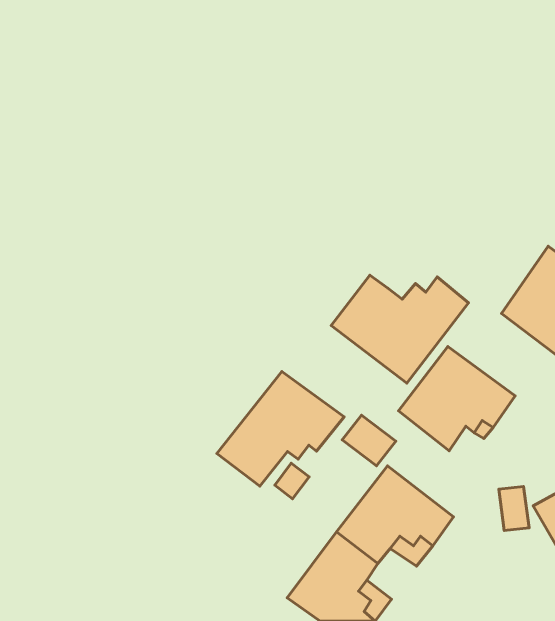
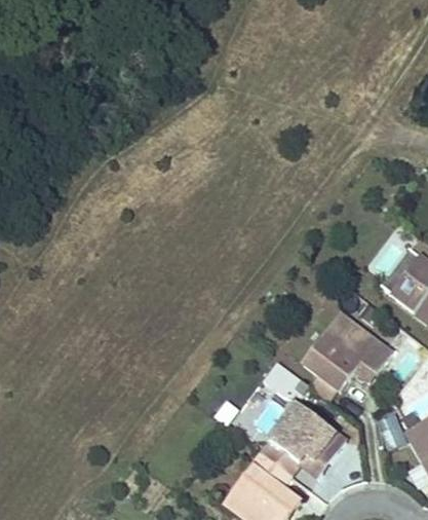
building: [331,275,469,383] -> none
building: [217,371,344,486] -> none

